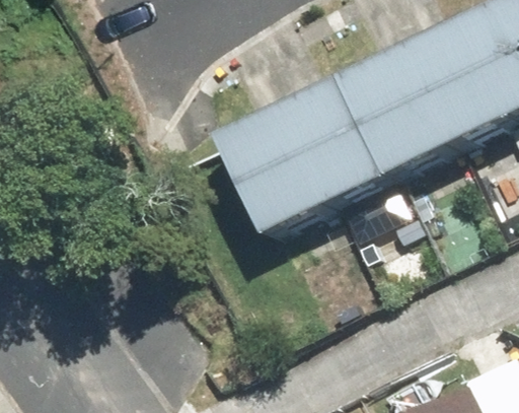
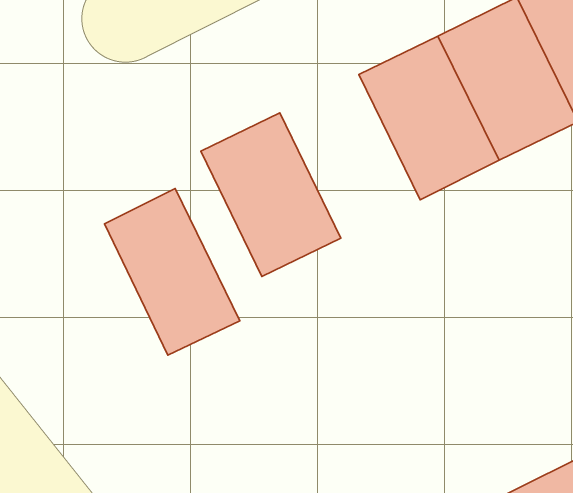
building: [276,74,387,204] -> none
building: none -> [104,189,240,355]

